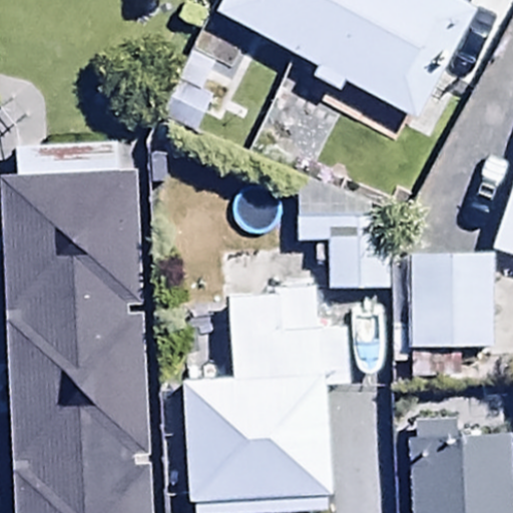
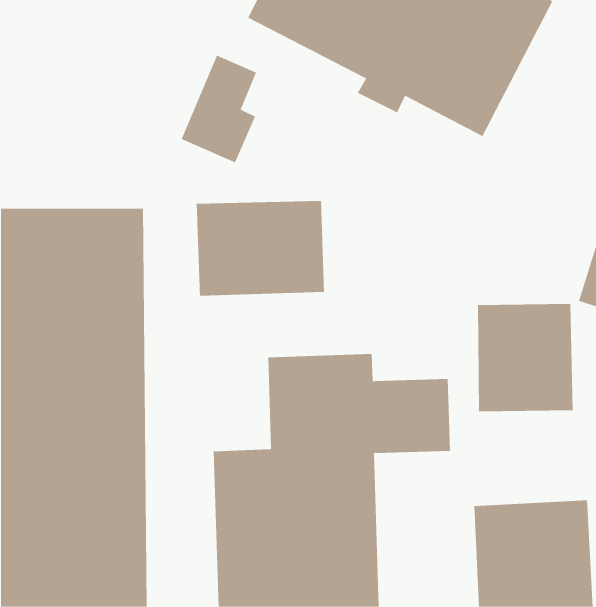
building: none -> [196,200,325,297]
building: [299,178,398,293] -> none

